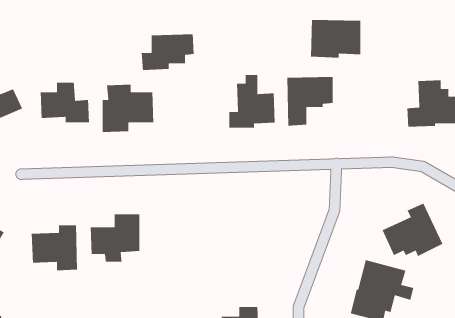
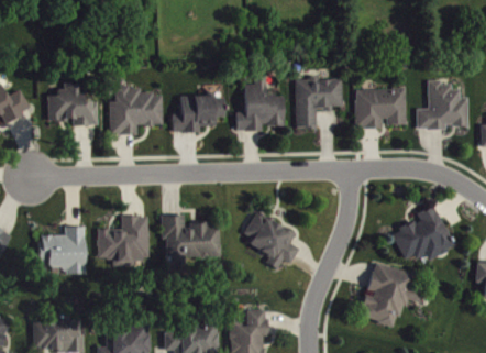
building: [310,19,361,58] -> [355,89,407,129]
building: [141,34,194,71] -> [172,96,225,133]
building: none -> [243,212,299,269]
building: none -> [163,216,221,272]

